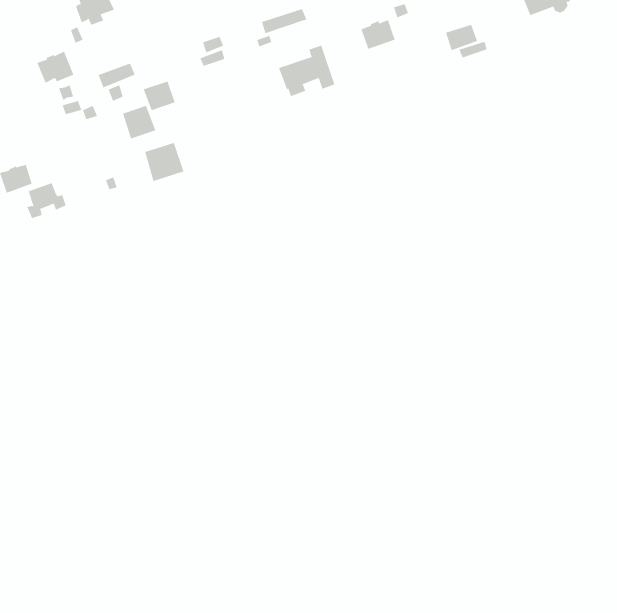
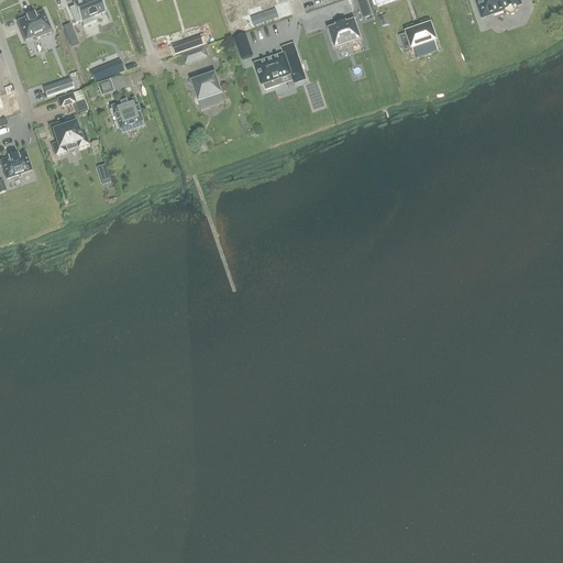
building: [37,51,74,83] -> [16,8,51,37]
building: [143,81,175,111] -> [190,71,220,99]
building: [145,142,184,182] -> none
building: [27,183,67,219] -> [51,120,87,153]

